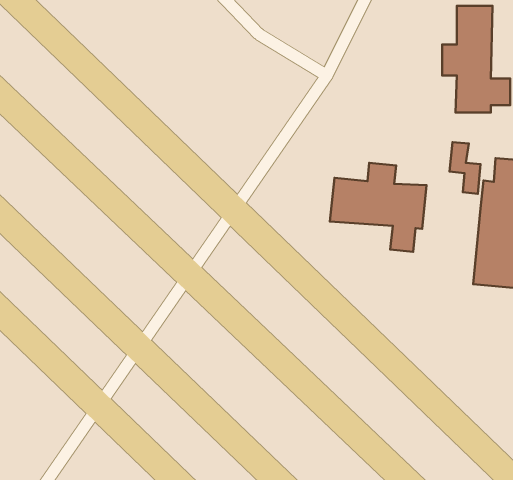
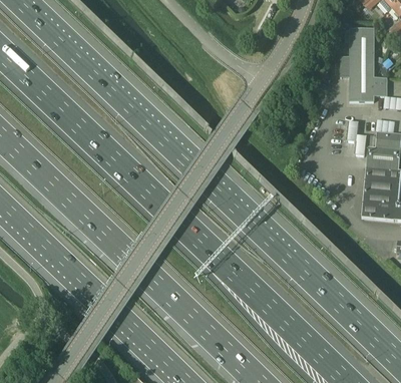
building: [330,163,426,252] -> none

